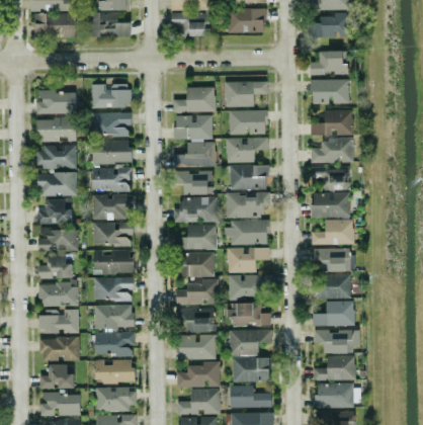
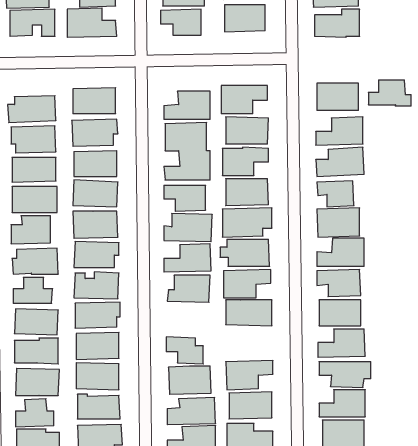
building: [310,52,348,75] -> [368,80,411,106]
building: [175,280,215,306] -> none
building: [229,304,270,326] -> none

